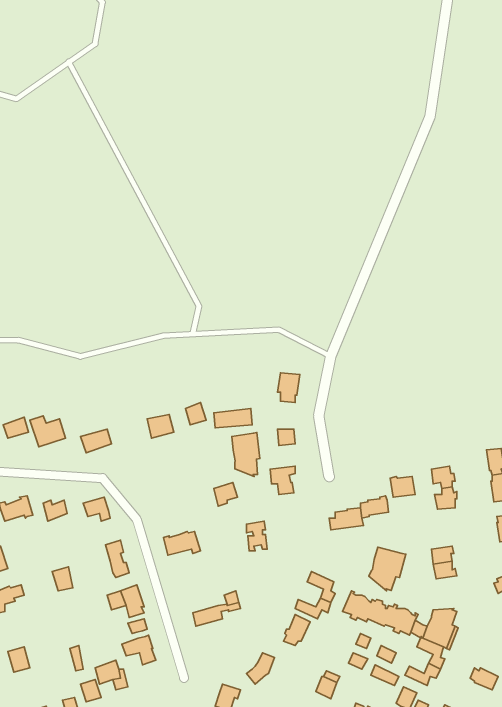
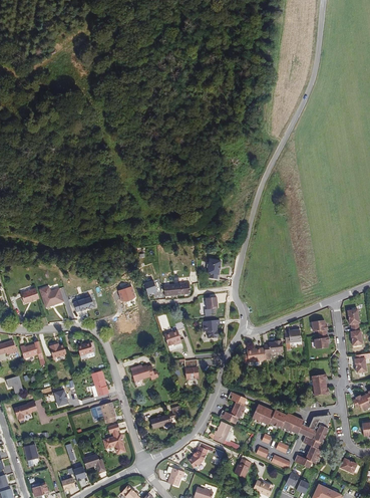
building: [232,432,260,477] -> none
building: [369,547,406,591] -> none

